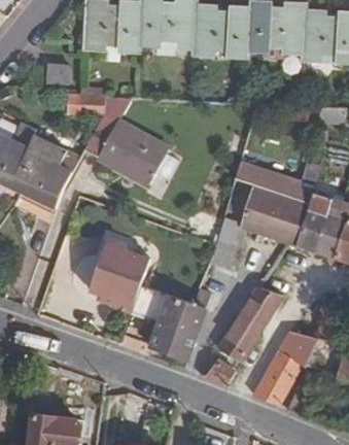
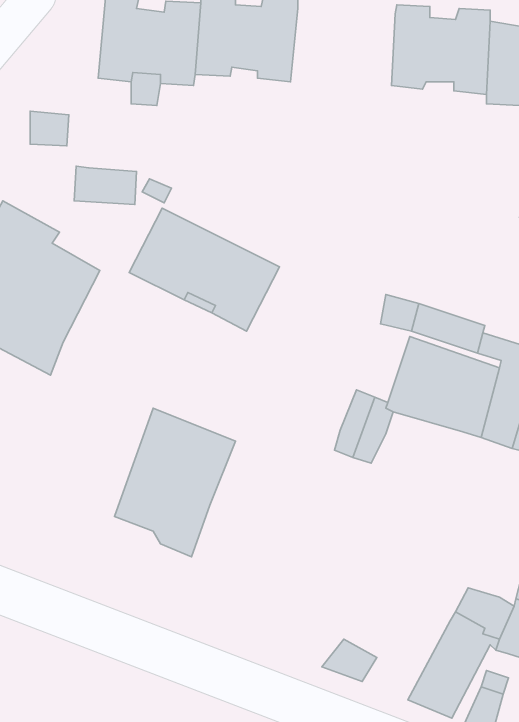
building: [188,5,247,55] -> none
building: [132,284,205,357] -> none
building: [218,284,280,361] -> none

